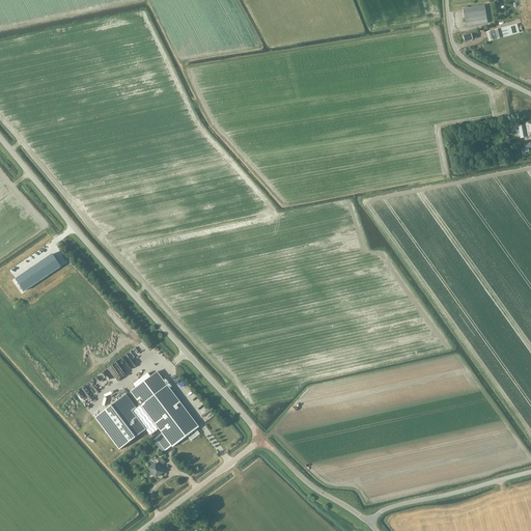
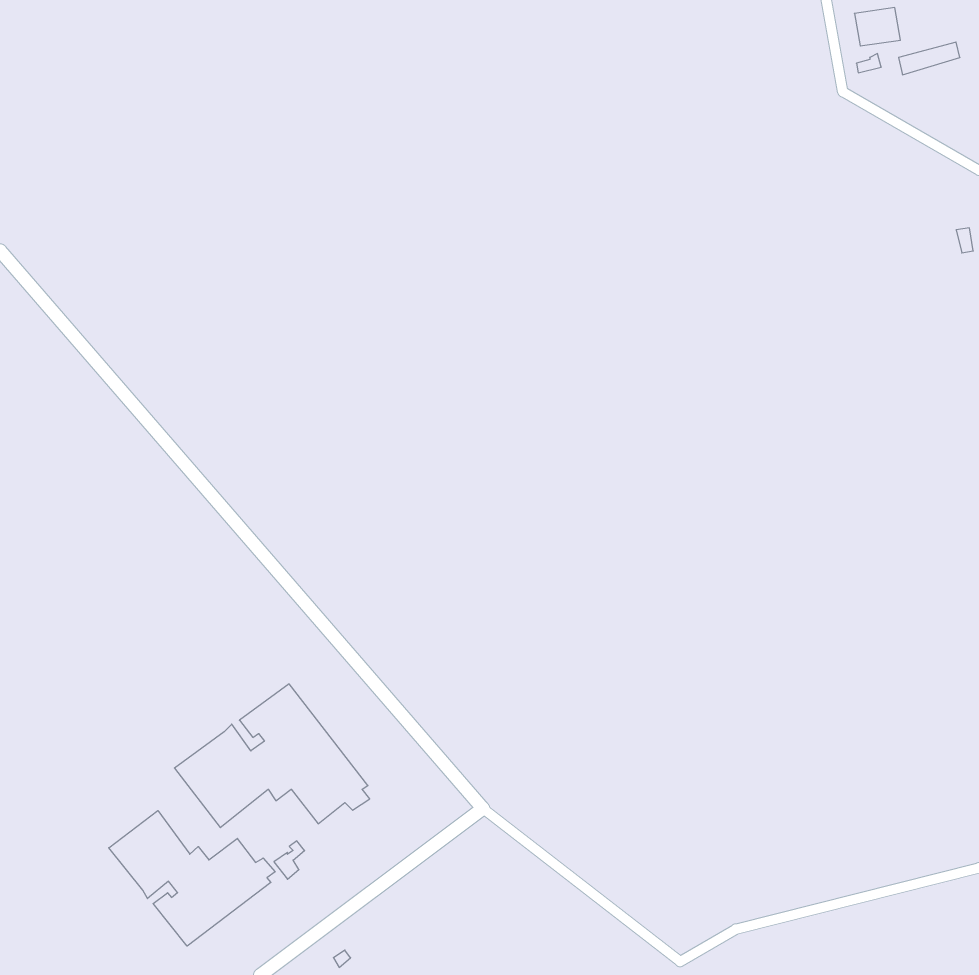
building: [15,252,60,289] -> none
building: none -> [109,811,275,946]

